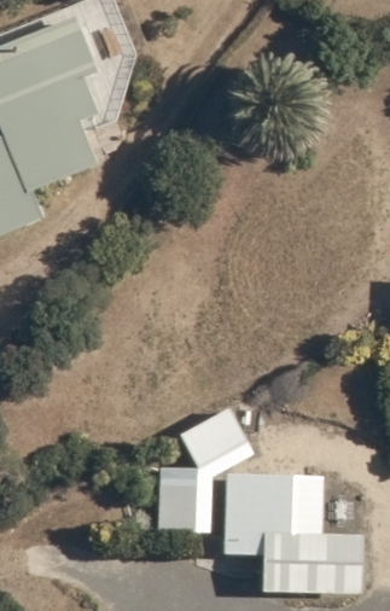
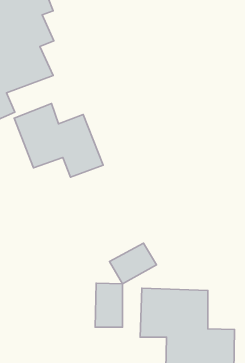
building: none -> [14,104,103,177]

